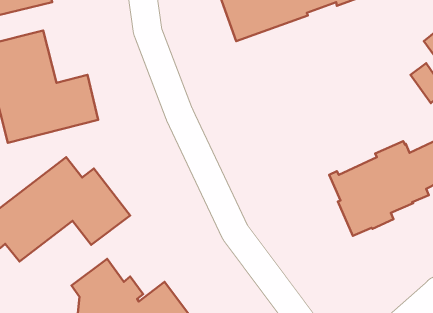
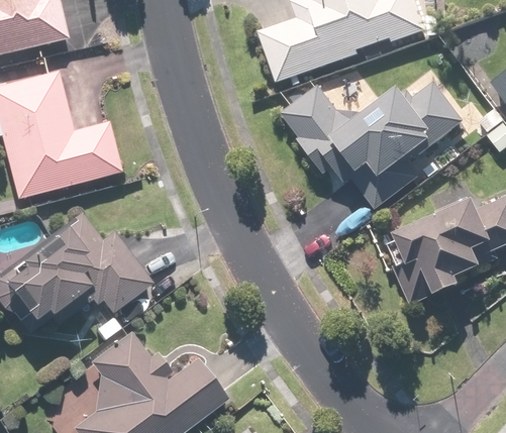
building: none -> [282,82,464,209]

